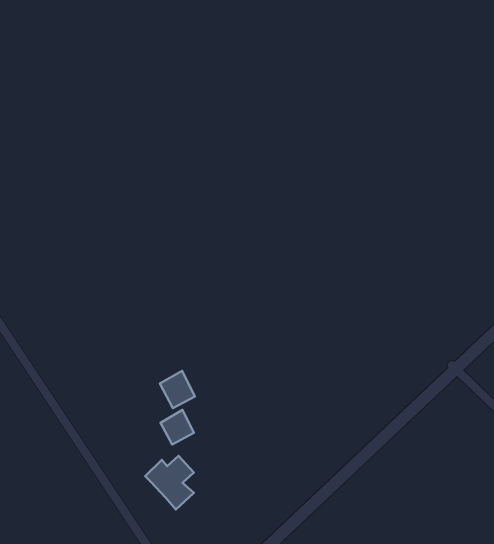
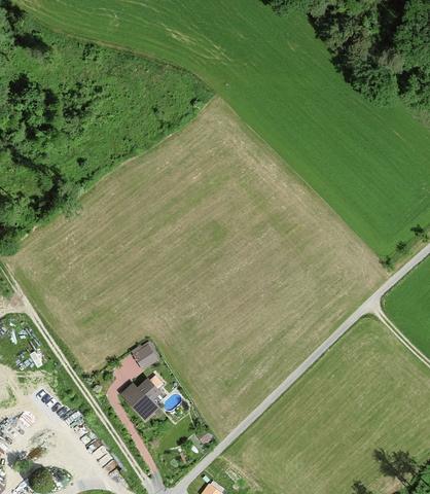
building: [160,371,195,408] -> none

